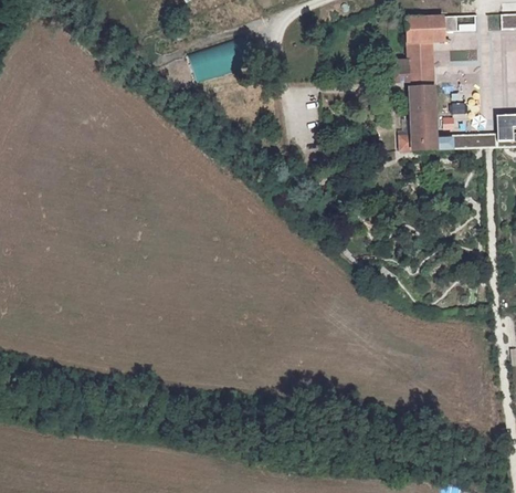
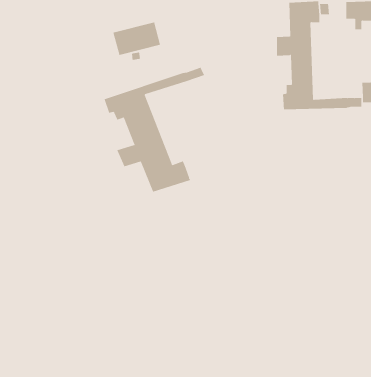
building: none -> [104,67,205,192]

